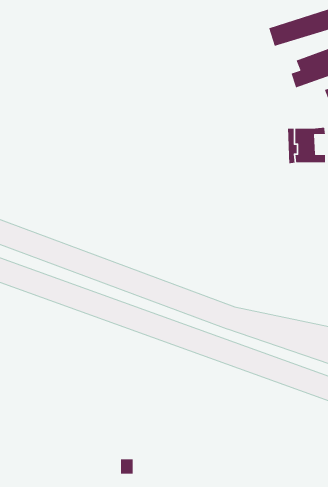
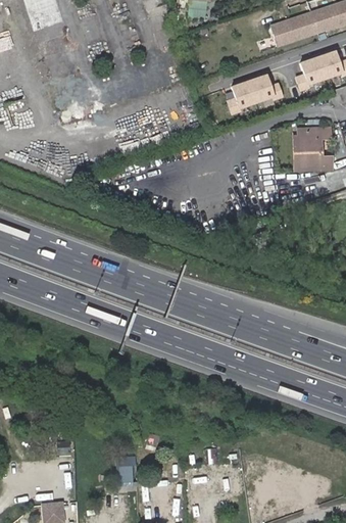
building: none -> [225,73,282,113]

